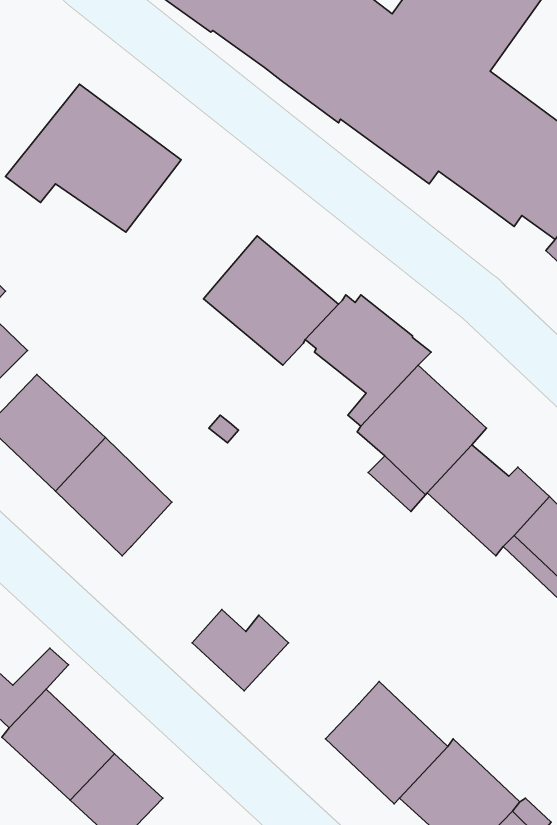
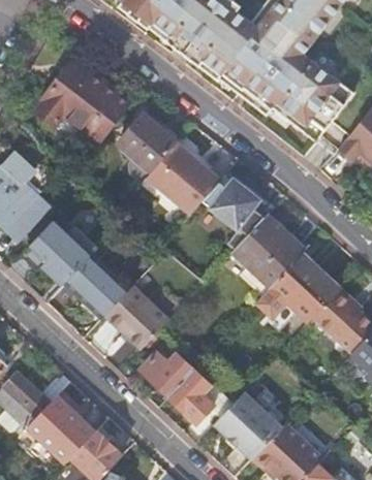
building: none -> [119,111,178,169]
building: none -> [105,285,169,349]
building: none -> [168,369,214,421]

